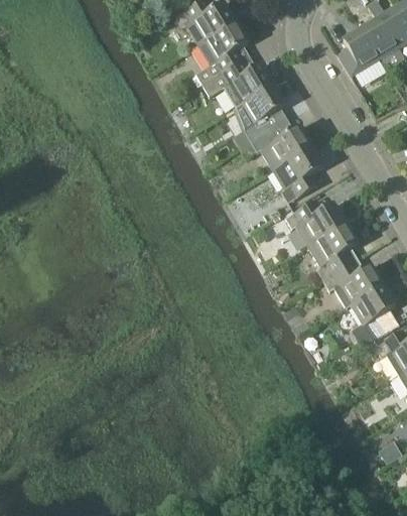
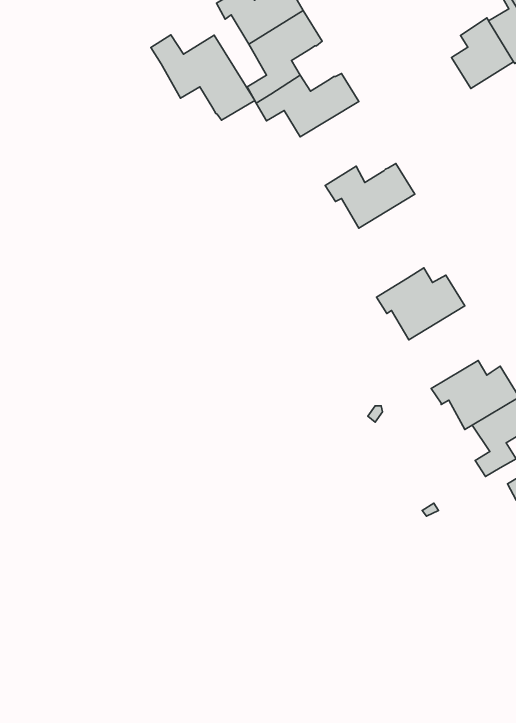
building: none -> [151,35,255,120]
building: [233,84,285,141] -> none
building: [273,147,323,203] -> none
building: [307,224,358,280] -> none

